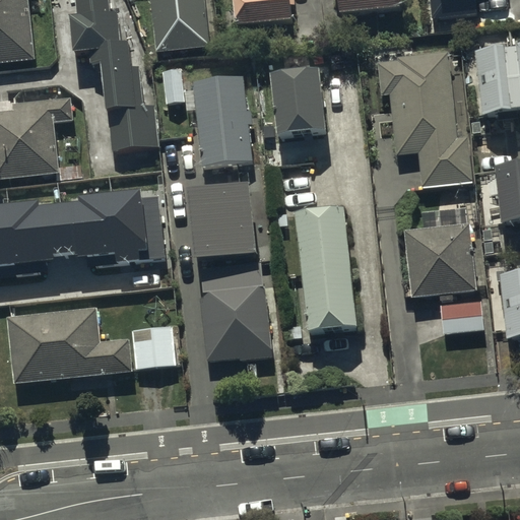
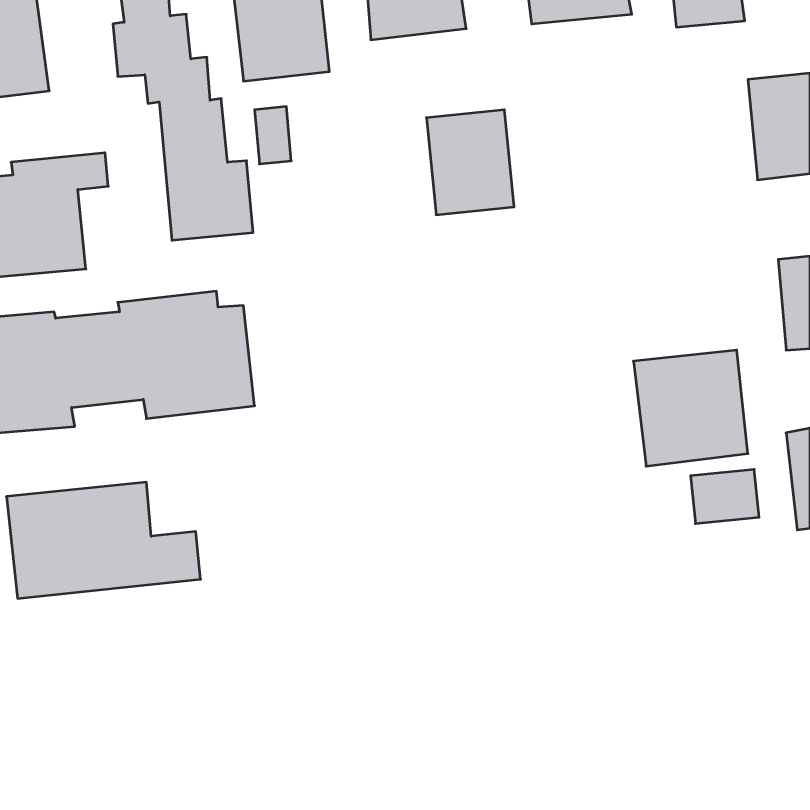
building: [379,51,473,189] -> none
building: [193,75,253,168] -> none
building: [183,179,255,259] -> none
building: [297,205,360,332] -> none
building: [196,280,270,362] -> none
building: [132,326,176,369] -> none

